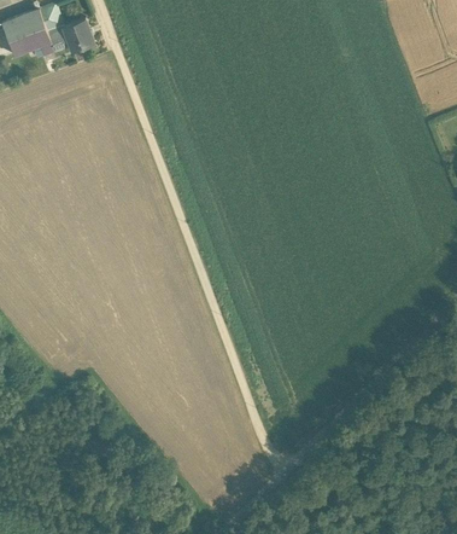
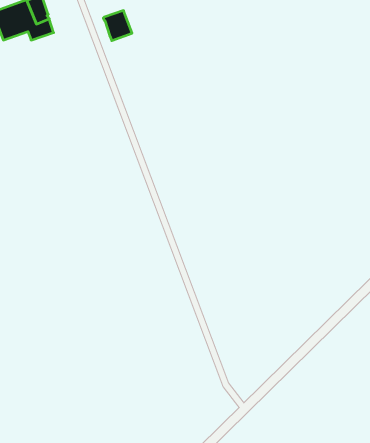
building: [60,18,93,52] -> [103,11,132,41]

